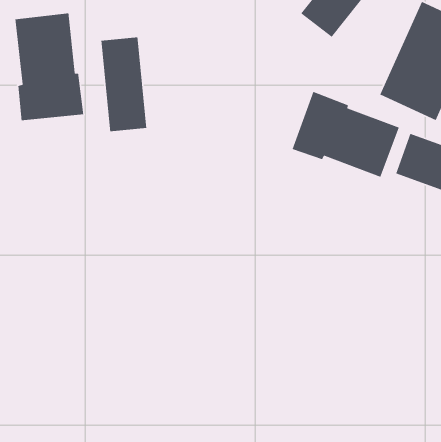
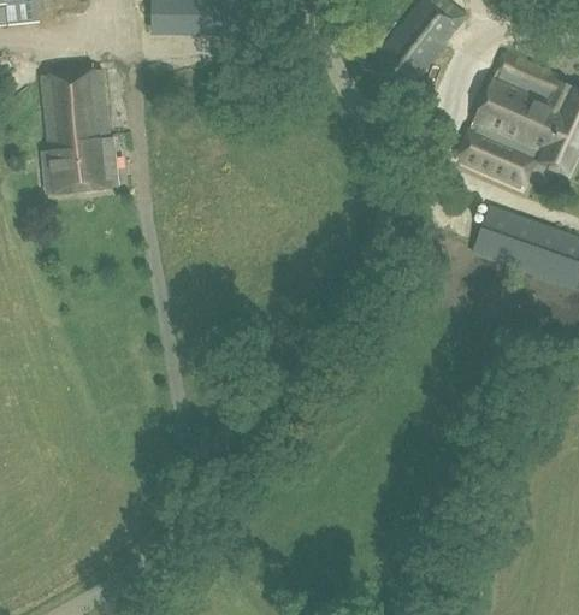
building: [100,37,147,132] -> none
building: [291,91,400,178] -> none

